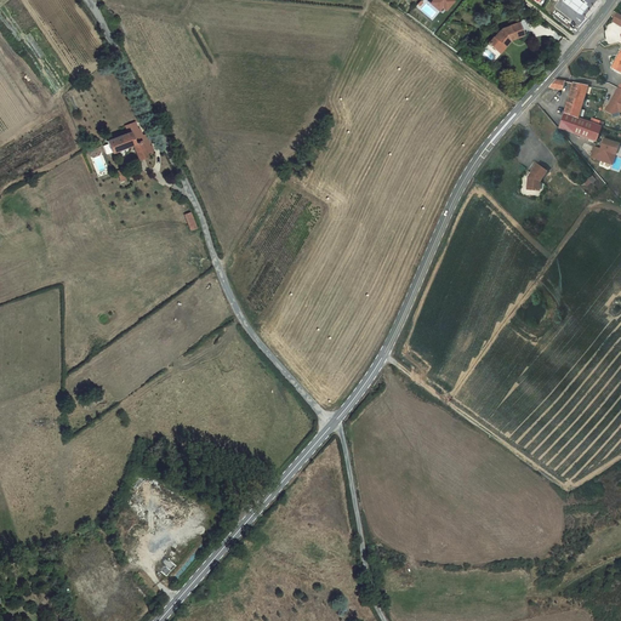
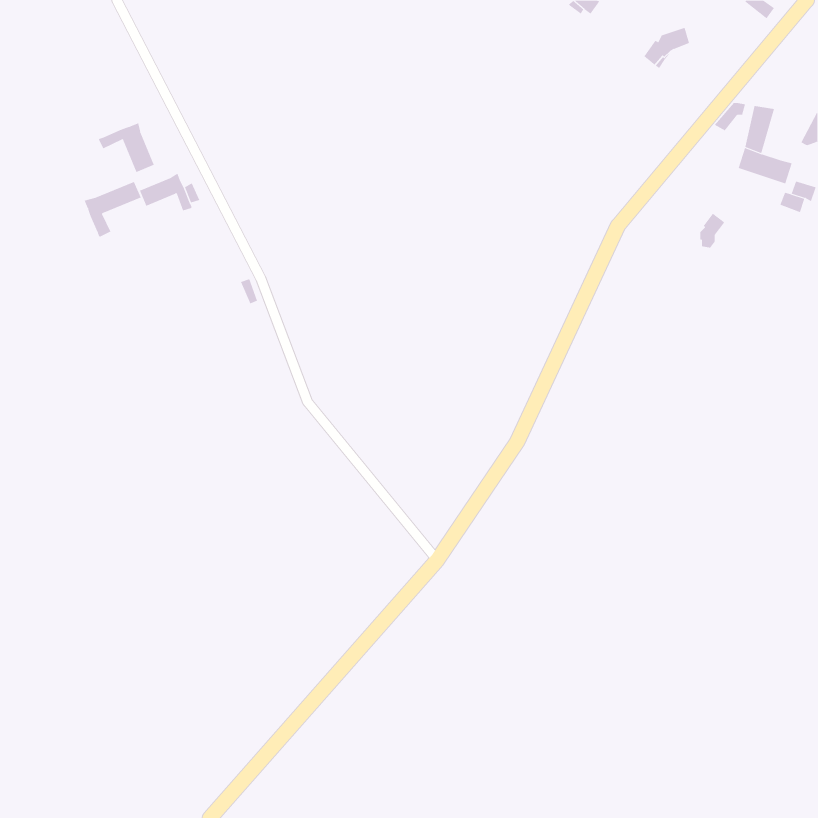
building: none -> [98,122,154,173]
building: none -> [84,181,142,237]

